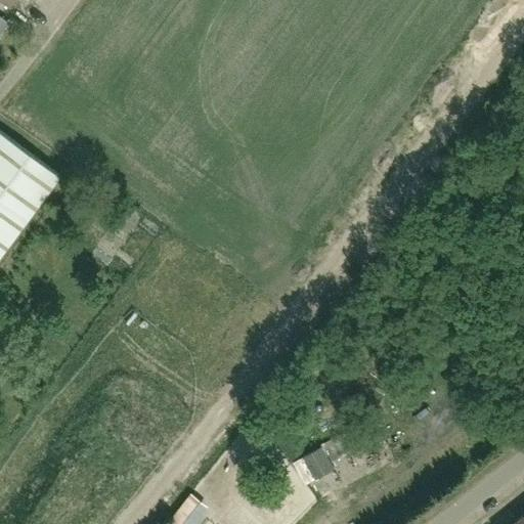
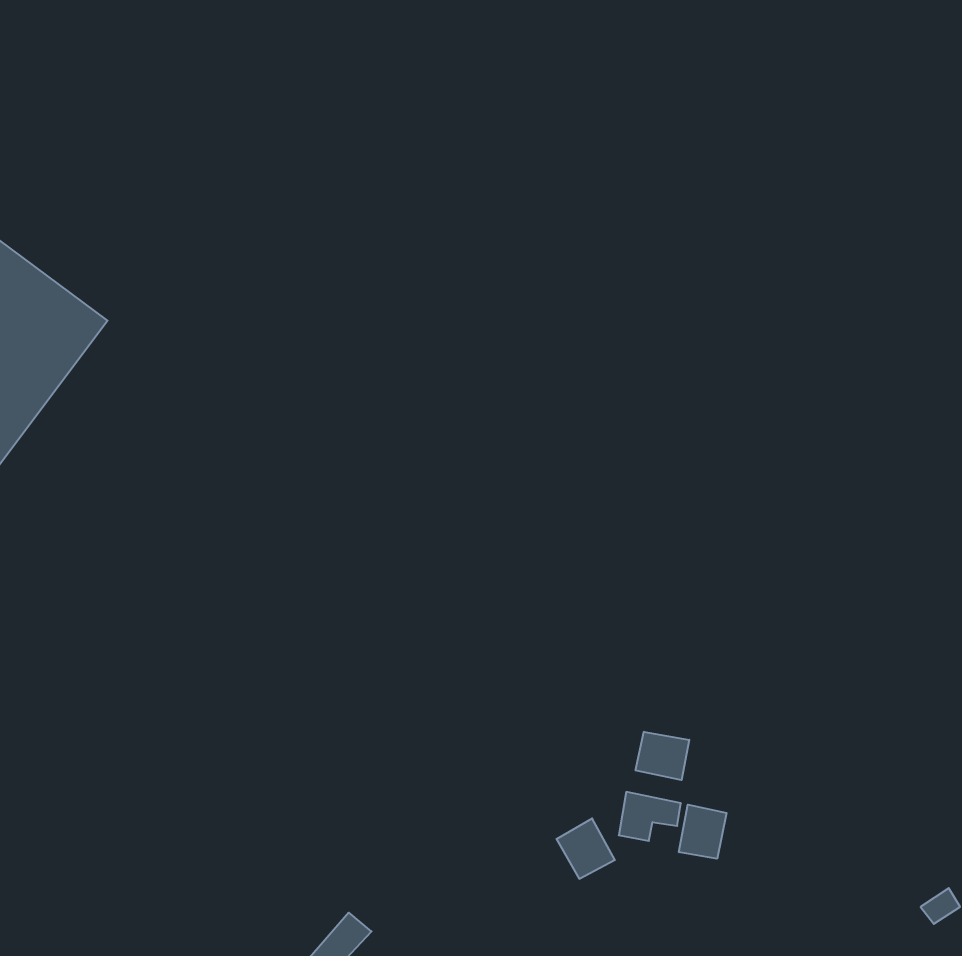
building: none -> [636,732,689,780]
building: none -> [679,805,727,859]

